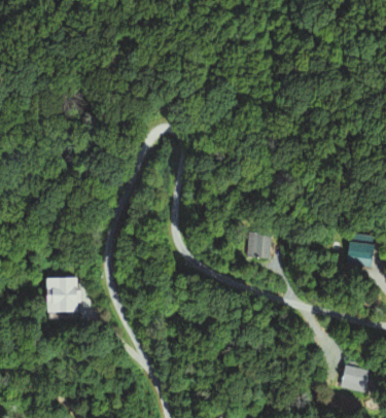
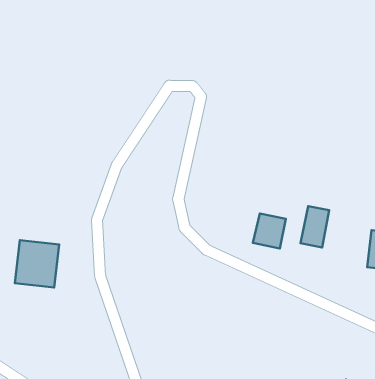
building: none -> [301,206,329,248]

